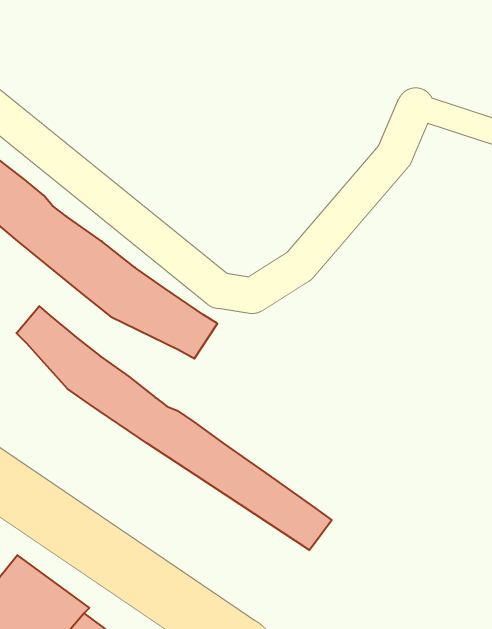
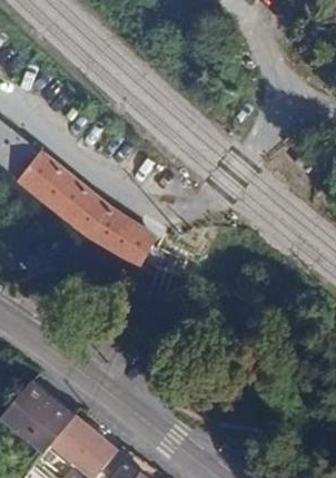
building: [16,306,332,550] -> none

